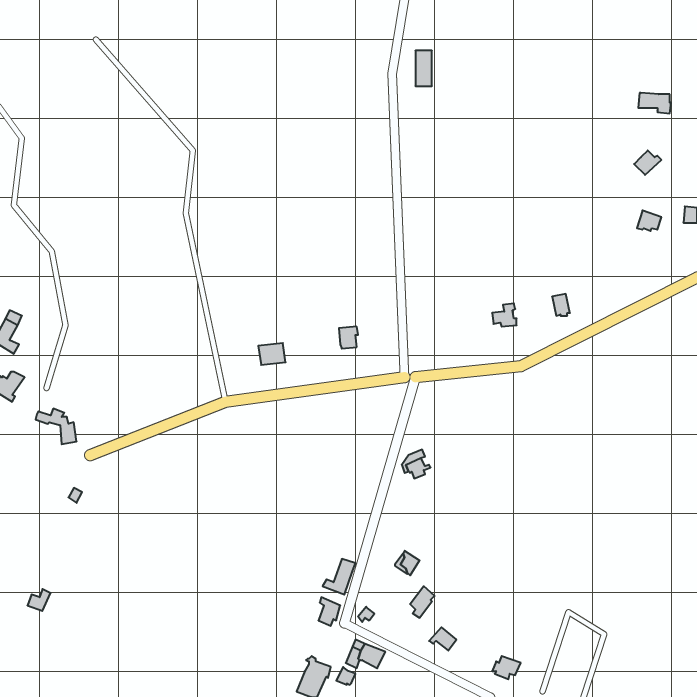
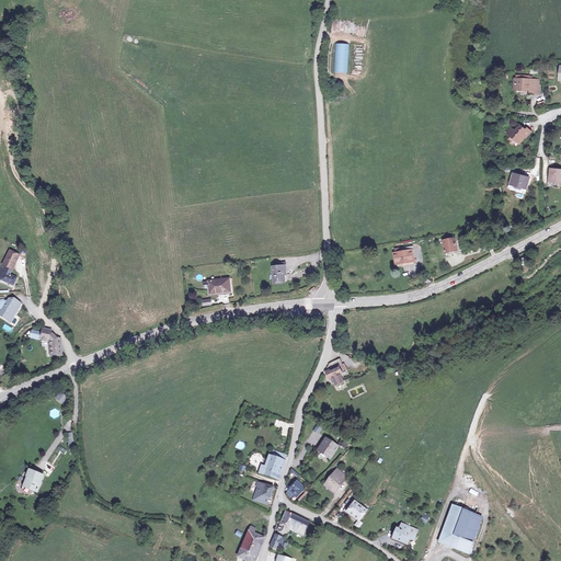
building: none -> [438,506,481,553]

